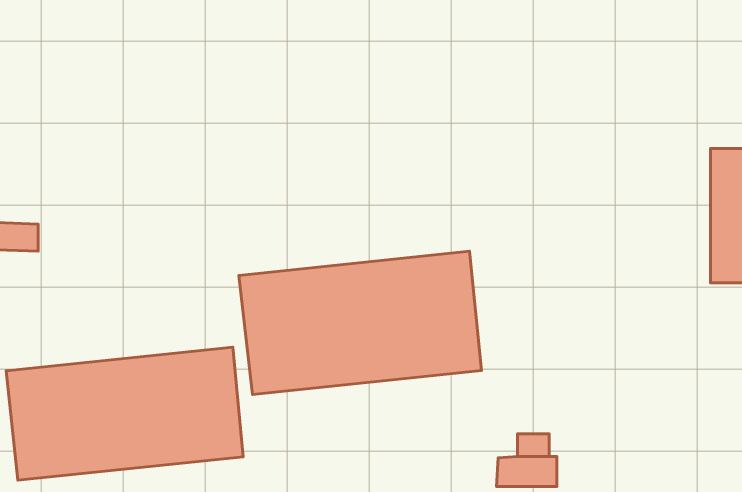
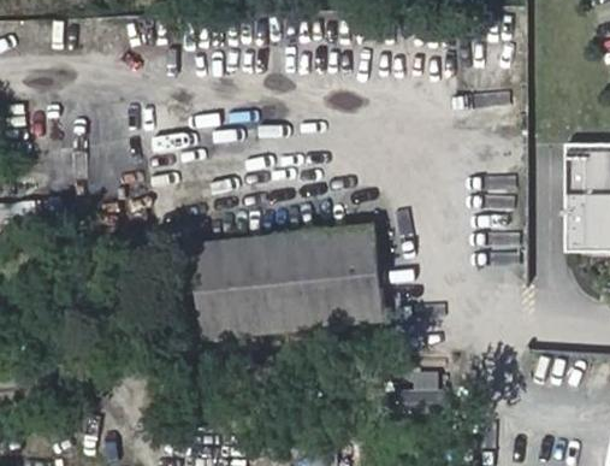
building: [6,347,243,480] -> none

